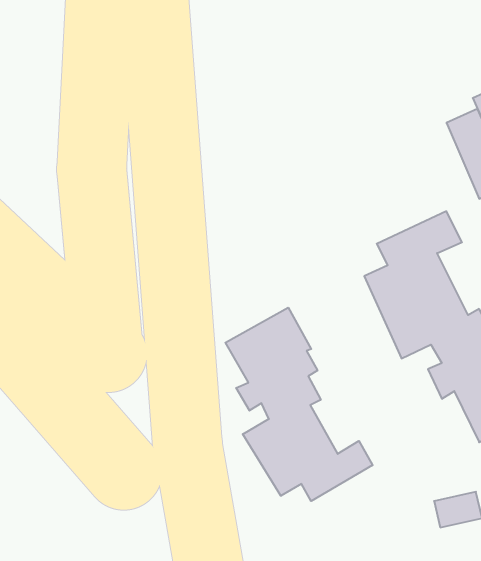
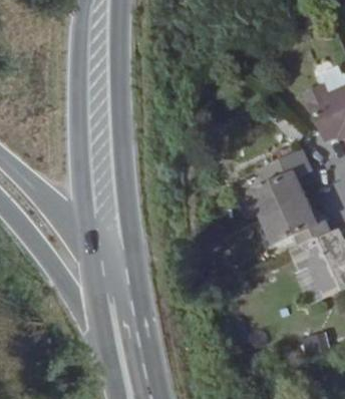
building: [225,308,373,501] -> none

